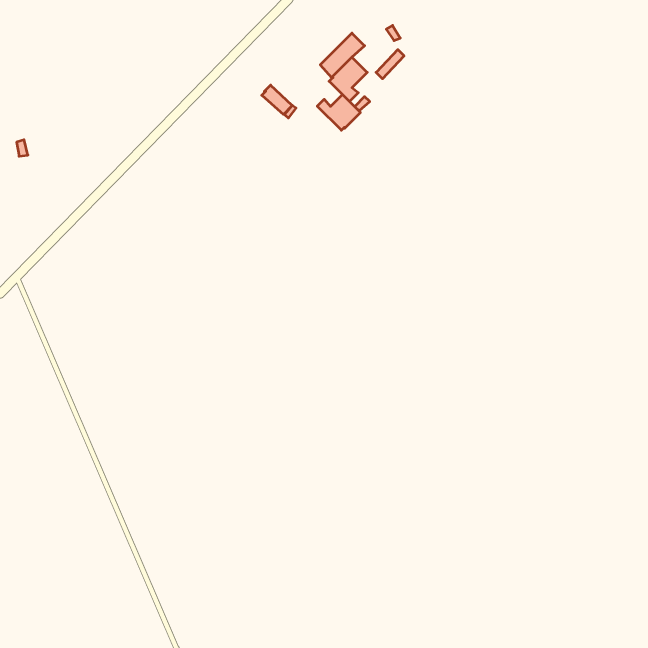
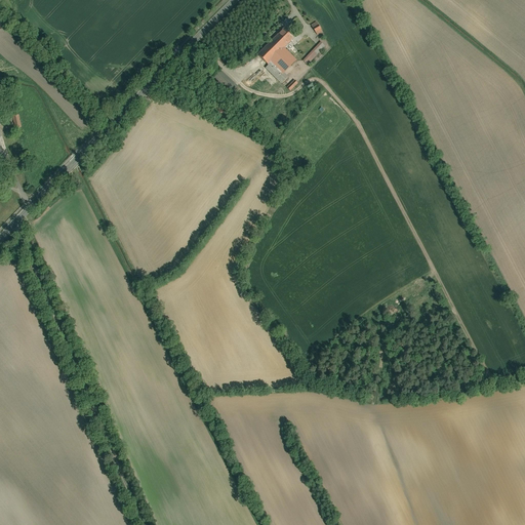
building: [317,95,360,130] -> none

